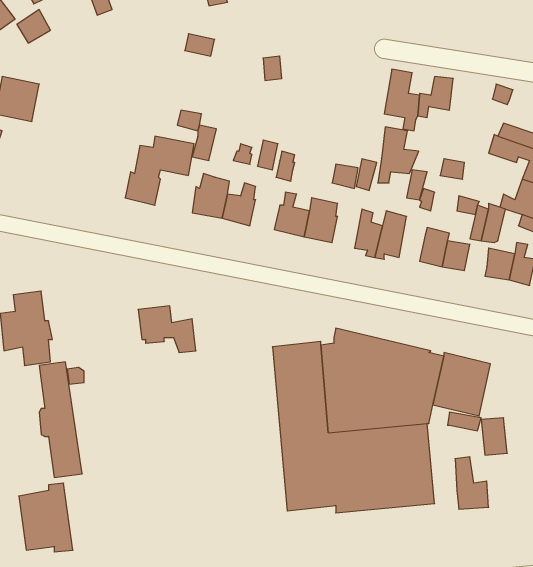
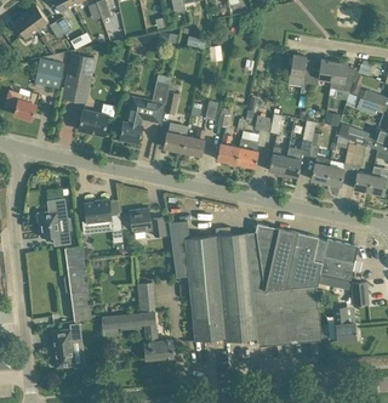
building: none -> [61,53,95,104]
building: [378,127,419,183] -> [327,61,354,97]
building: none -> [78,110,107,136]
building: none -> [81,199,120,234]
building: none -> [167,221,224,341]
building: none -> [101,283,172,359]

